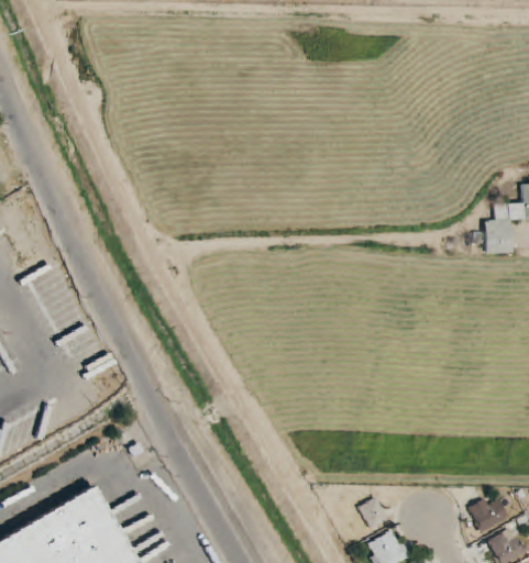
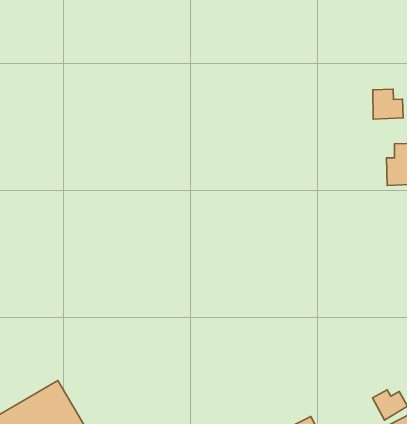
building: none -> [373,89,403,119]
building: [357,497,388,530] -> none

